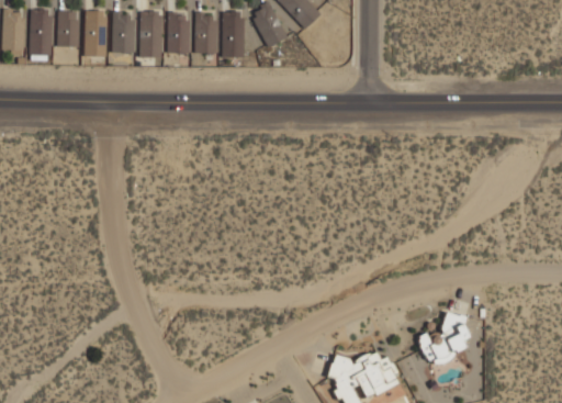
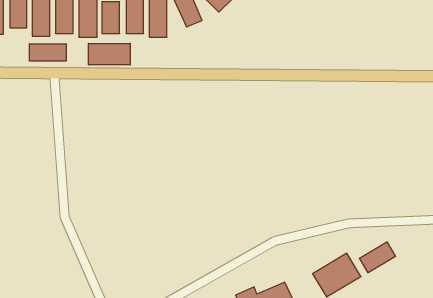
building: none -> [89,43,130,65]
building: none -> [30,44,66,61]
building: none -> [359,242,396,273]

